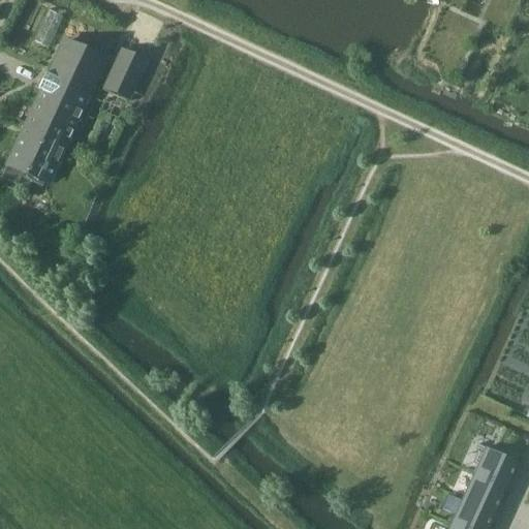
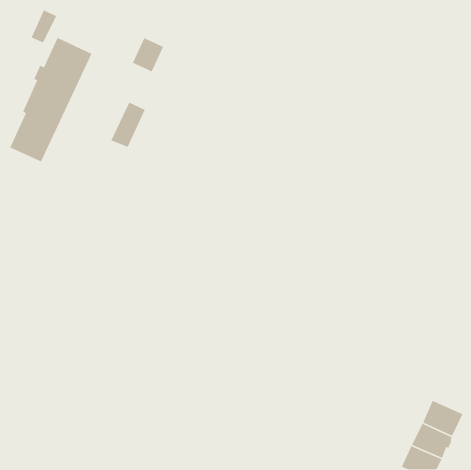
building: [108,50,145,89] -> [132,37,164,72]
building: none -> [110,101,146,148]

